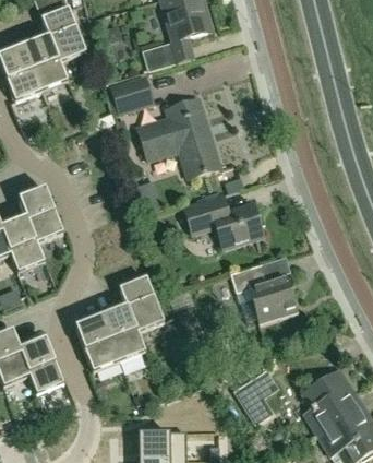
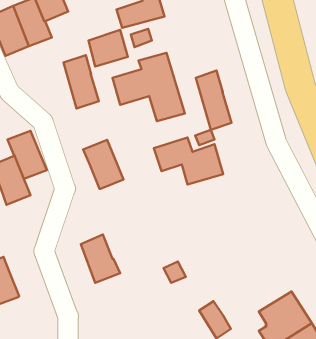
building: none -> [63,55,99,109]
building: none -> [196,71,232,130]
building: [231,262,299,322] -> none
building: [119,276,165,332] -> [83,140,124,189]
building: [76,316,118,369] -> none
building: [21,337,64,392] -> none

